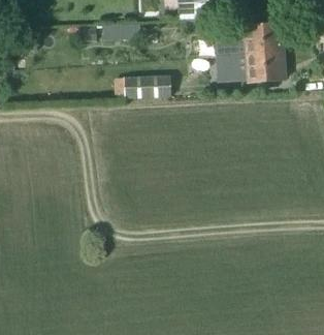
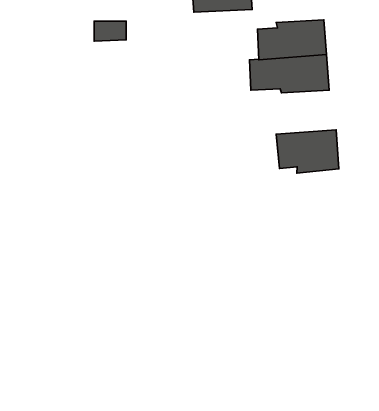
building: [121,75,168,98] -> none
building: none -> [276,130,339,173]

